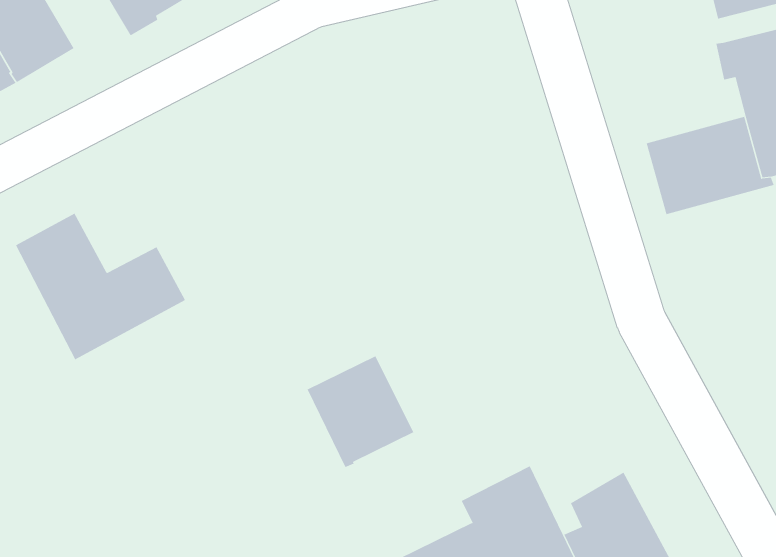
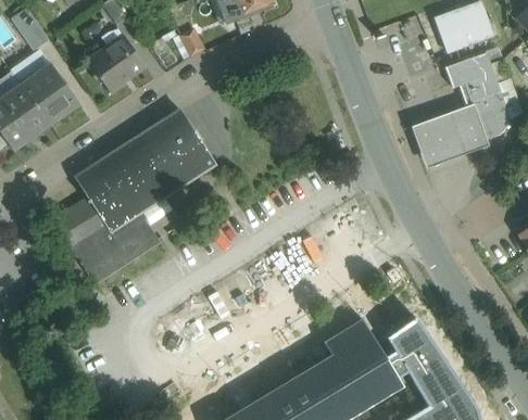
building: none -> [75,110,213,229]
building: [307,356,414,468] -> none

